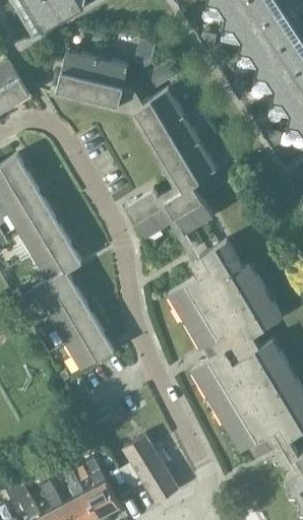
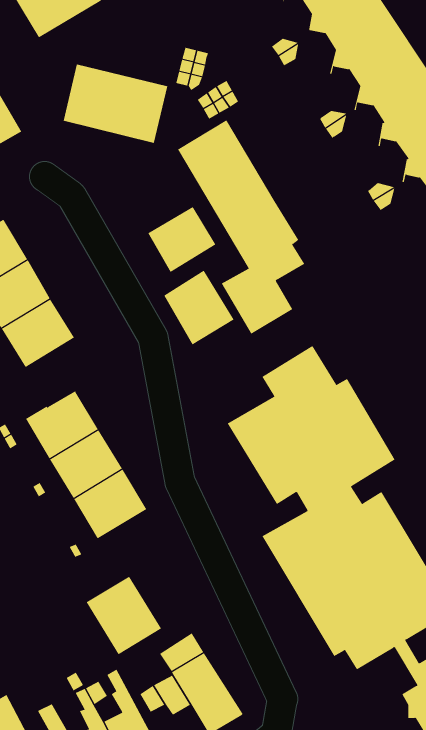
building: none -> [148,206,216,273]
building: [32,235,81,281] -> none
building: none -> [86,576,162,655]

